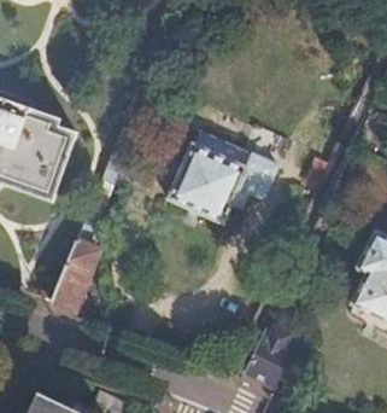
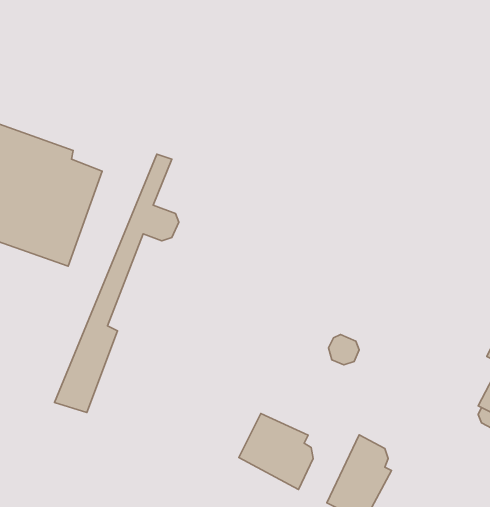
building: [171,142,280,221] -> none
building: none -> [239,413,313,489]

